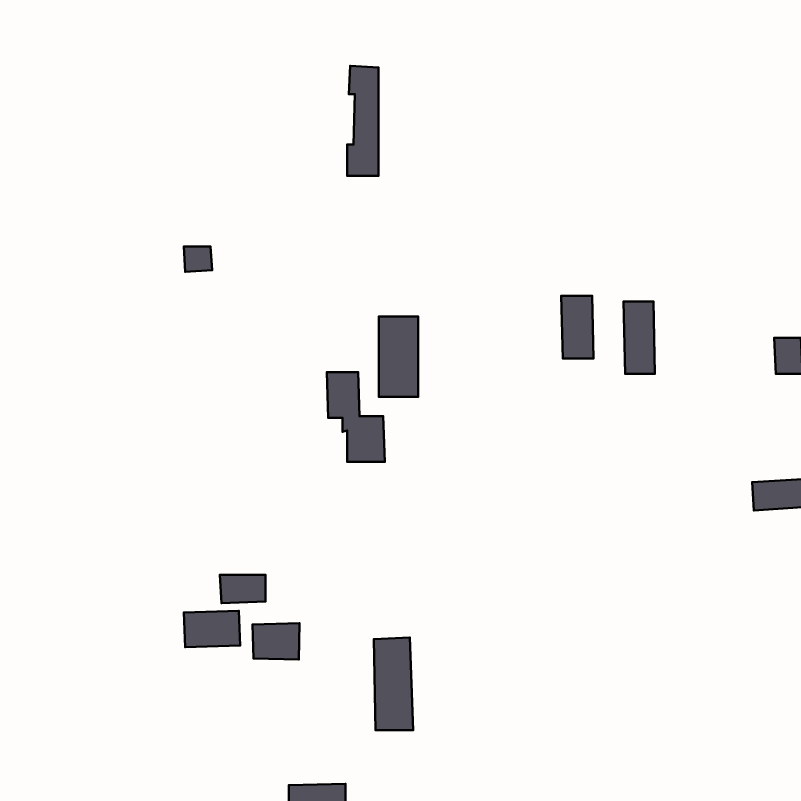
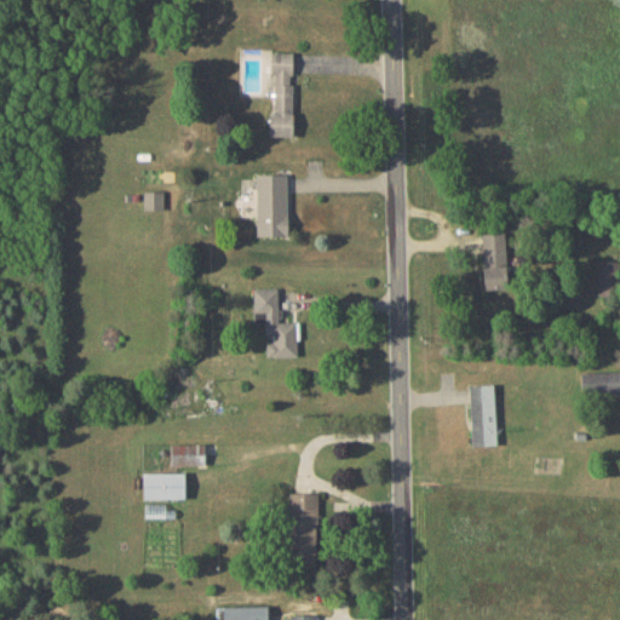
building: [561,296,594,358] -> none
building: [379,317,418,397] -> [257,174,287,236]
building: none -> [470,385,496,446]
building: [253,623,299,659] -> none

